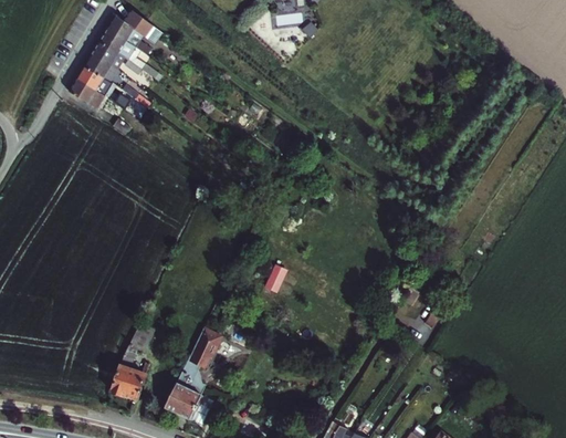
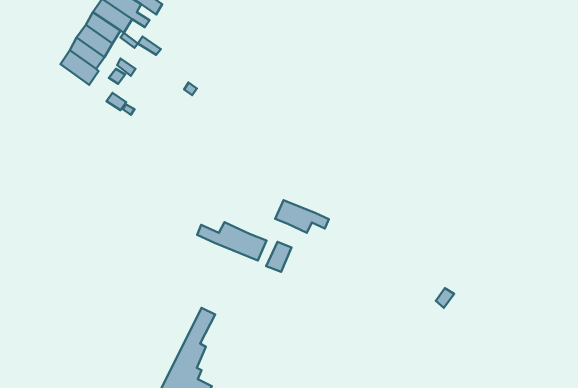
building: none -> [275,200,329,233]
building: none -> [197,222,266,260]
building: [112,344,151,397] -> none

